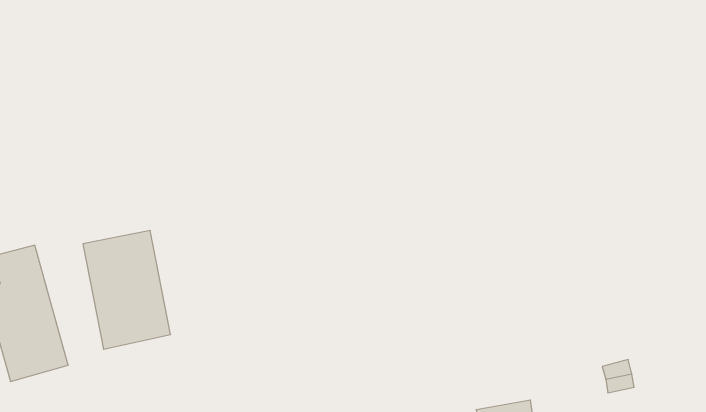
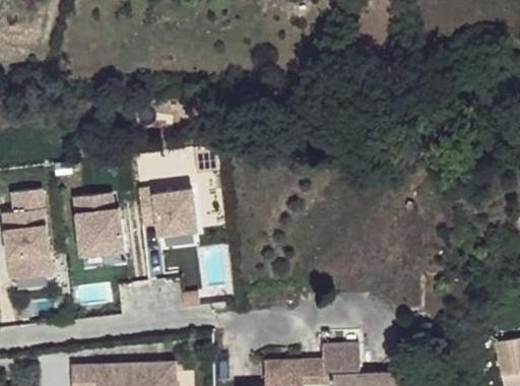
building: none -> [138,188,196,234]

